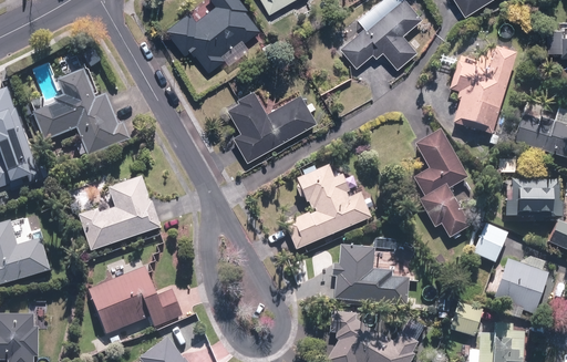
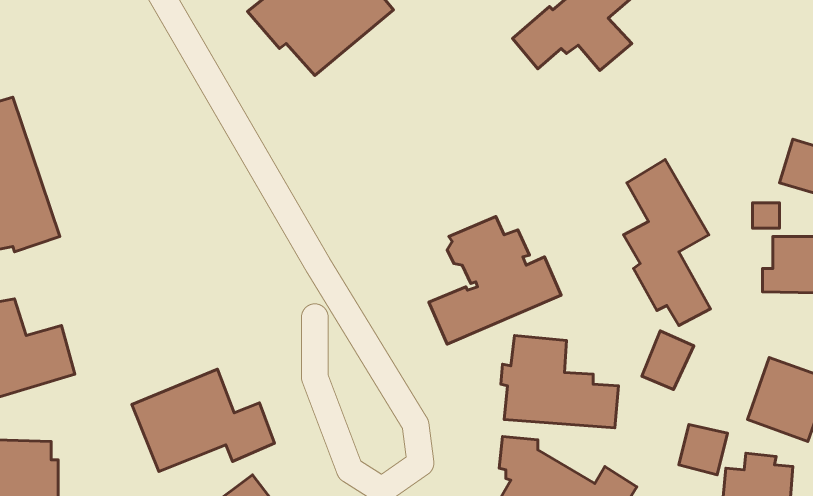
building: [449,45,516,134] -> none
building: [31,68,130,156] -> none
building: [226,89,317,162] -> none
building: [78,175,161,251] -> none
building: [473,223,507,261] -> [642,331,694,390]

